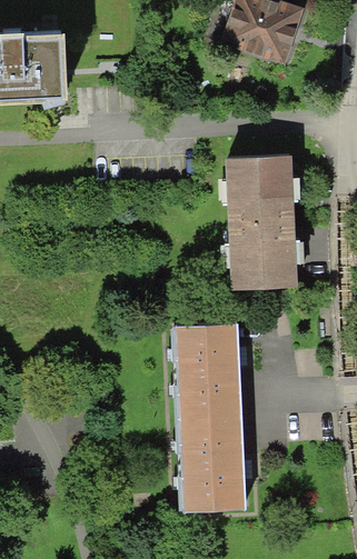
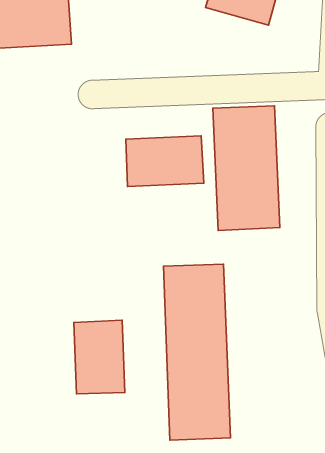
building: none -> [126,136,204,186]
building: none -> [74,320,125,394]

